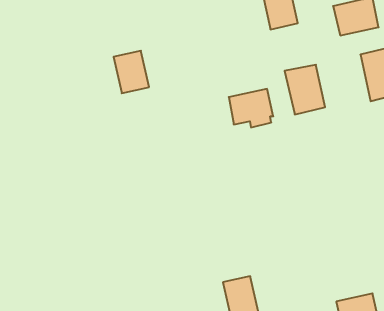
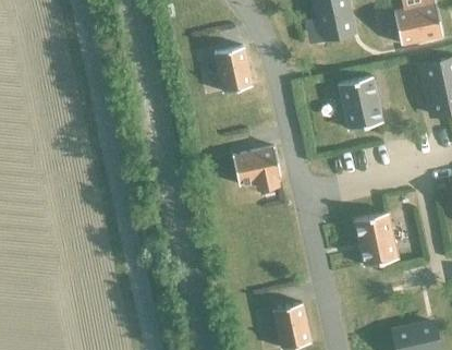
building: [114,51,149,93] -> [213,48,252,94]
building: [229,89,273,127] -> [231,148,279,190]
building: none -> [355,213,399,267]

